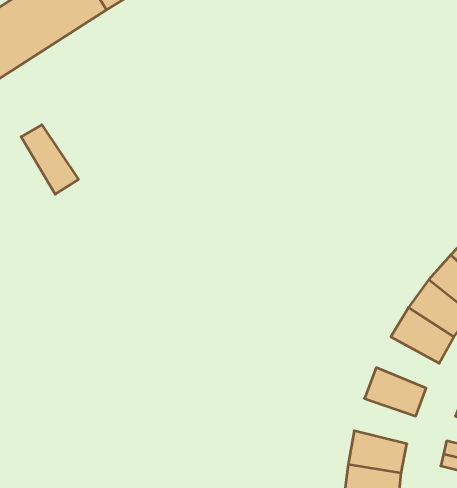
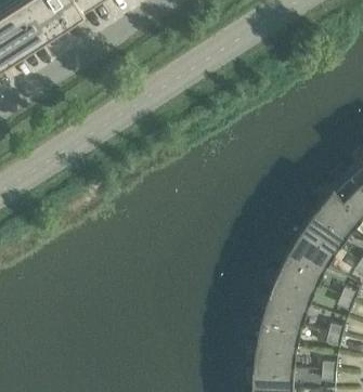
building: [21,125,78,194] -> none
building: none -> [280,250,326,288]
building: none -> [263,296,309,329]

